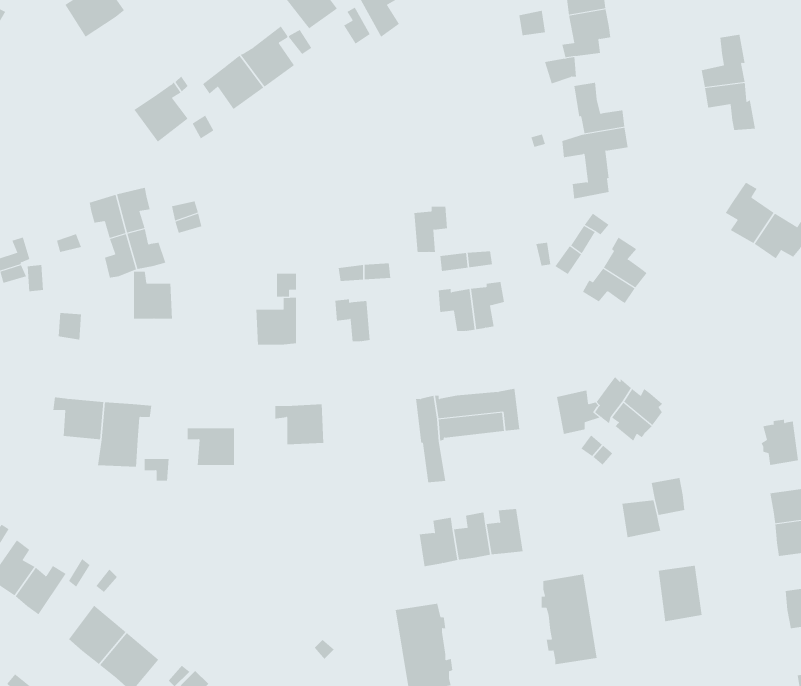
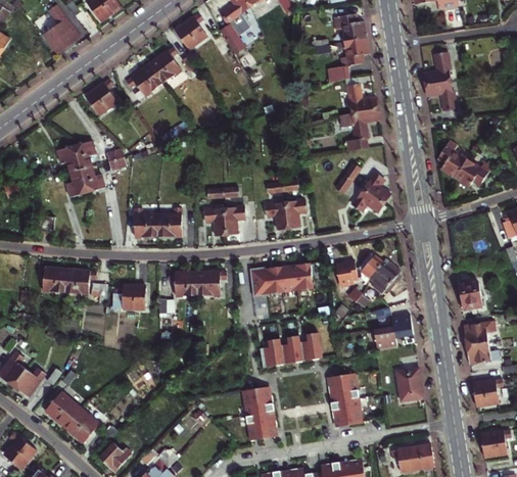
building: [413,206,448,252] -> [224,206,244,234]
building: [133,271,173,319] -> [135,208,158,237]
building: none -> [197,272,226,295]

